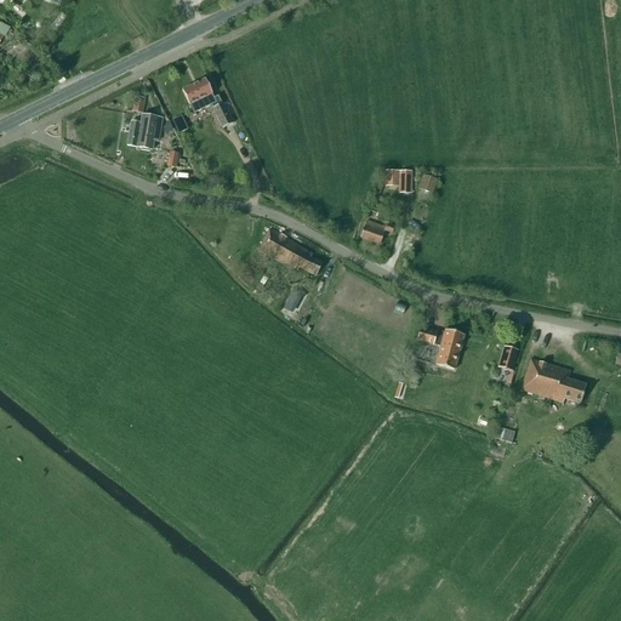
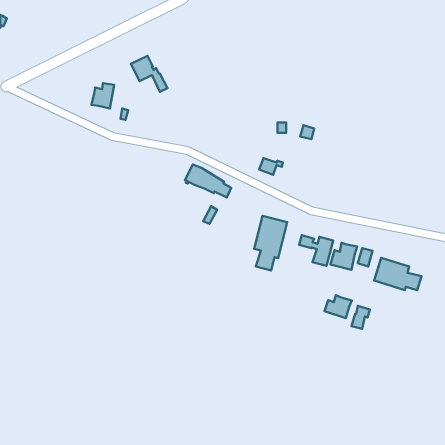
building: none -> [254,216,287,270]
building: none -> [331,243,357,270]
building: none -> [324,295,352,318]

